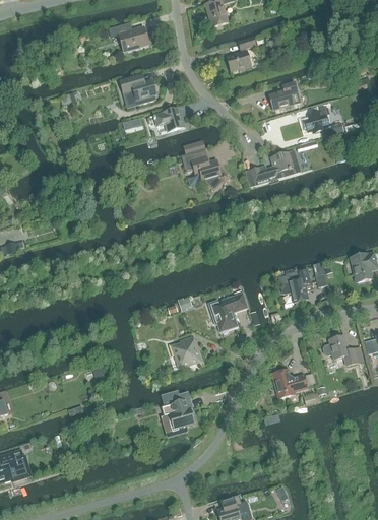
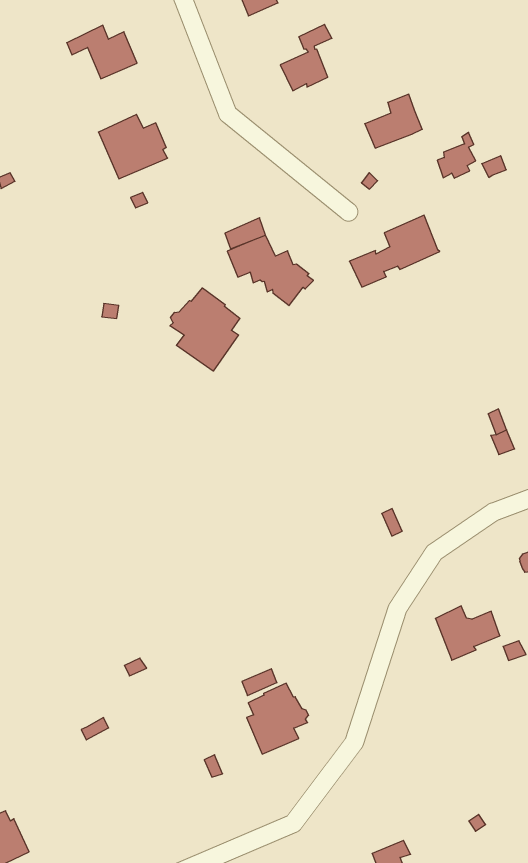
building: [153,107,184,131] -> none
building: none -> [170,288,240,371]
building: [279,269,312,302] -> none
building: [208,292,247,332] -> none
building: [169,336,200,367] -> none

